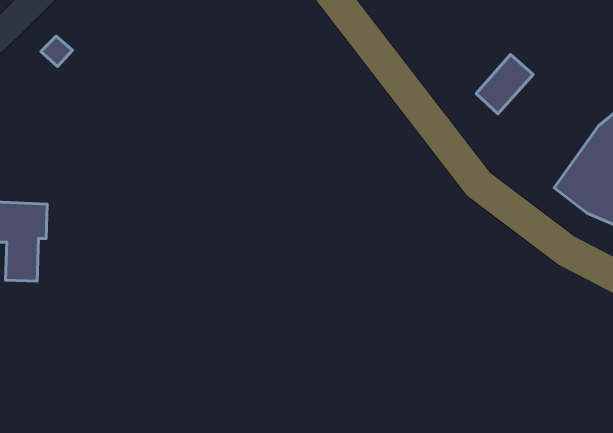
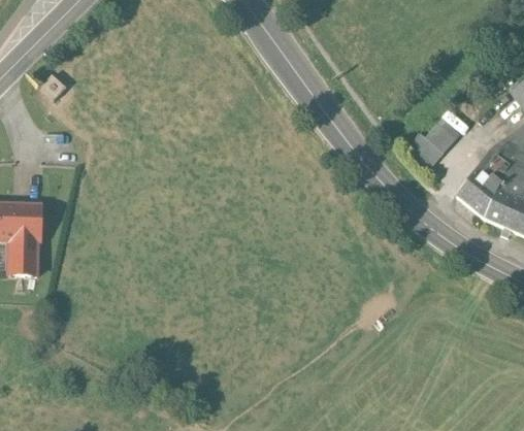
building: [476,54,533,114] -> [413,118,459,166]

